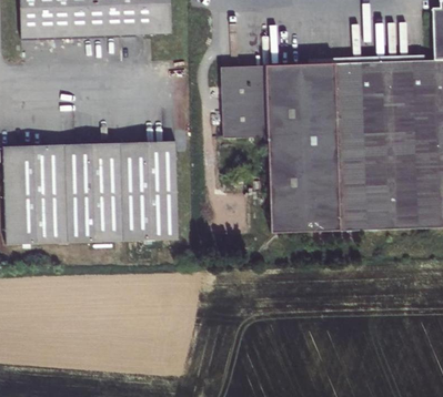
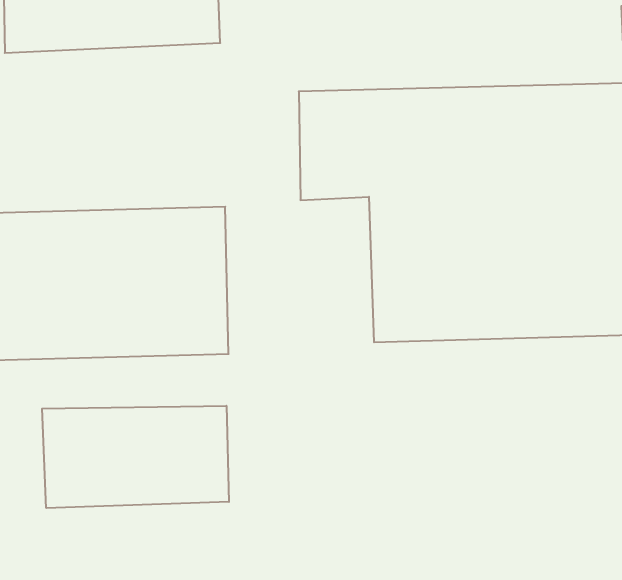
building: none -> [42,406,229,508]

